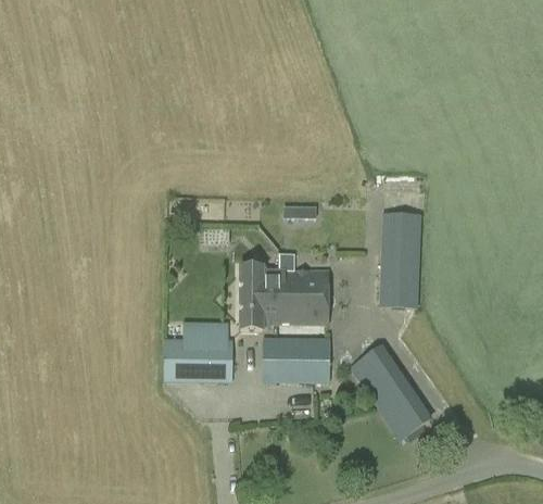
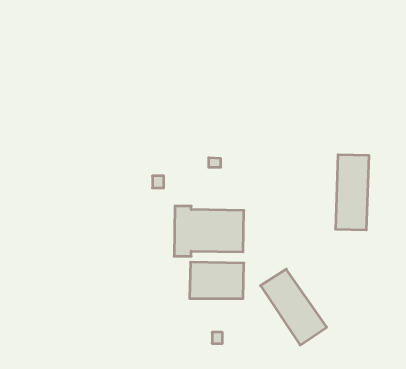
building: [379,212,421,306] -> [335,155,369,230]
building: [164,336,232,381] -> none

